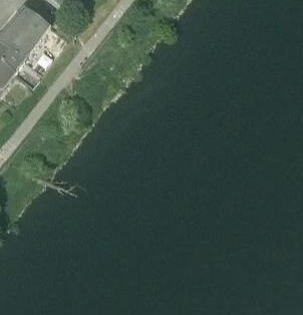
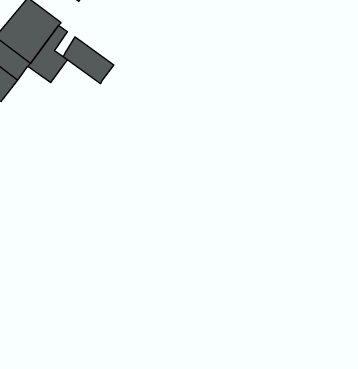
building: none -> [63,37,114,84]

